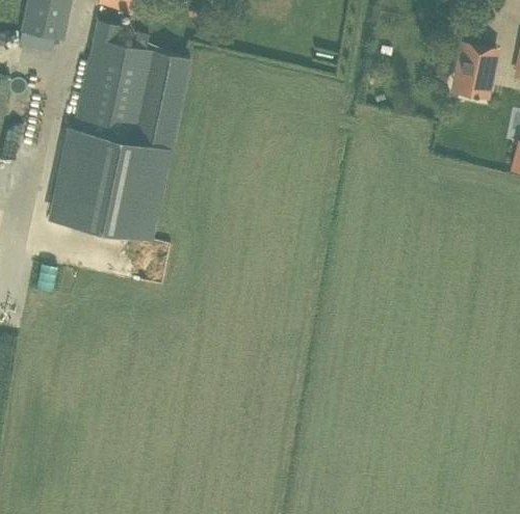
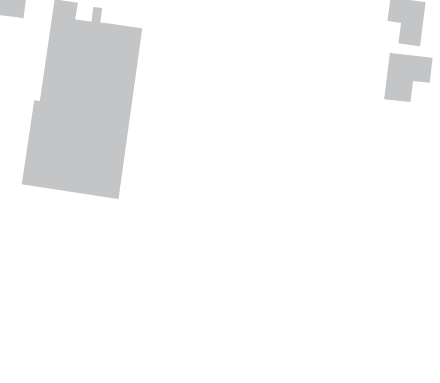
building: none -> [383,52,434,103]

